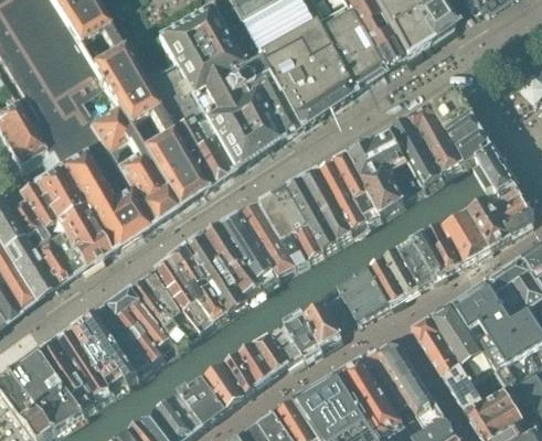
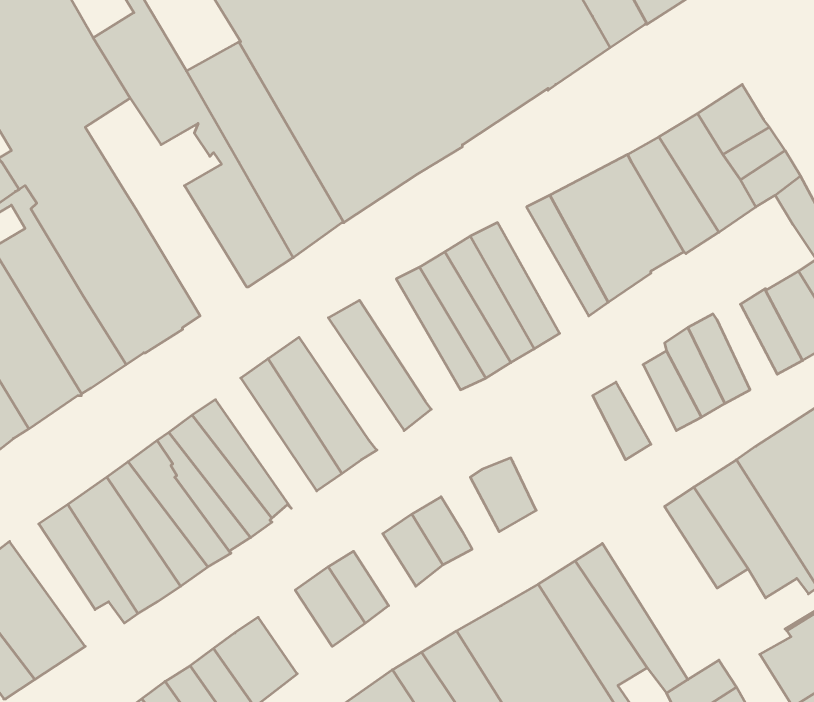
building: [84,97,176,220] -> none
building: [318,159,370,230] -> none
building: [240,200,297,269] -> none
building: [443,214,477,262] -> none
building: [205,222,261,291] -> none
building: [383,245,419,293] -> none
building: [158,256,215,330] -> none
building: [339,262,391,320] -> none
building: [286,312,319,353] -> none
building: [41,338,106,408] -> none
building: [378,342,444,427] -> none
building: [236,344,272,385] -> none
building: [443,364,485,412] -> none
building: [182,376,224,423] -> none

